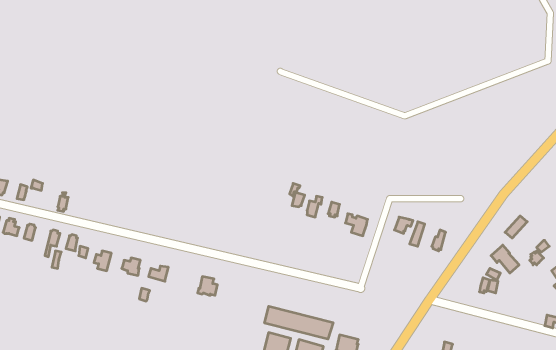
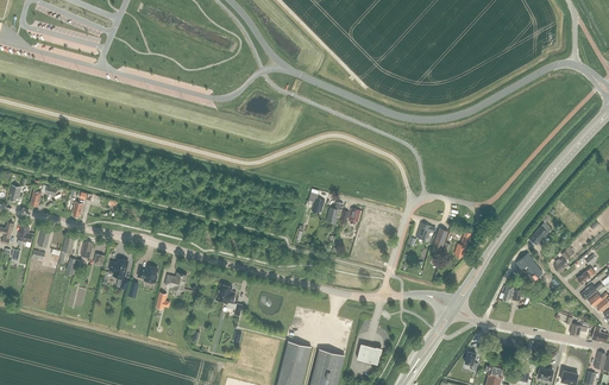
building: [265,306,333,339] -> none

